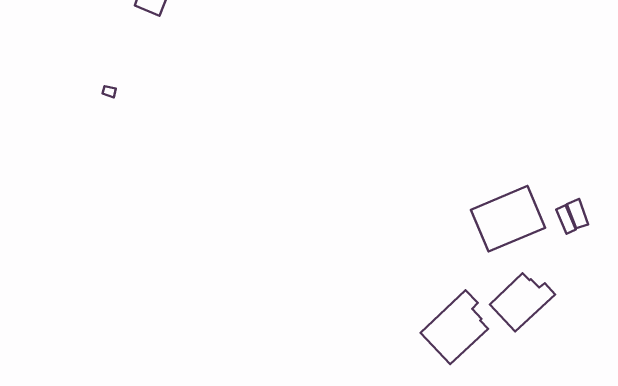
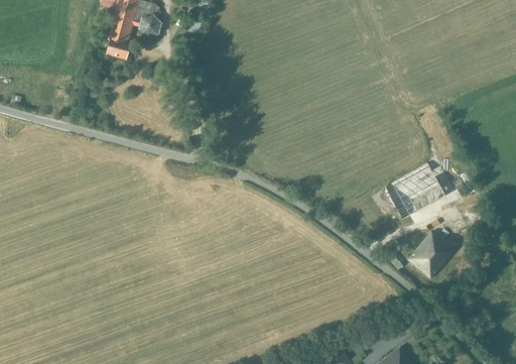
building: [421,290,488,364] -> none

